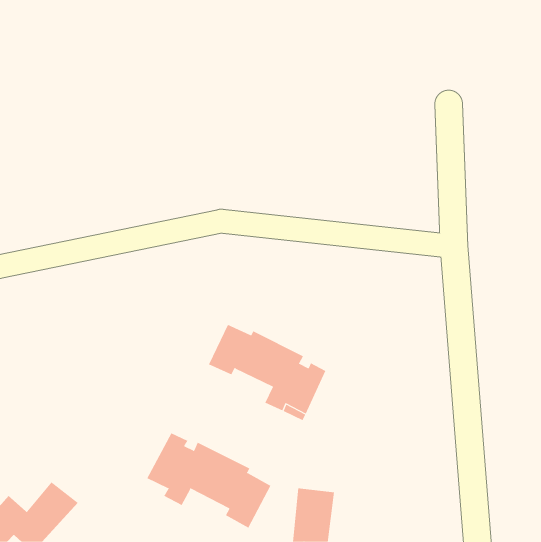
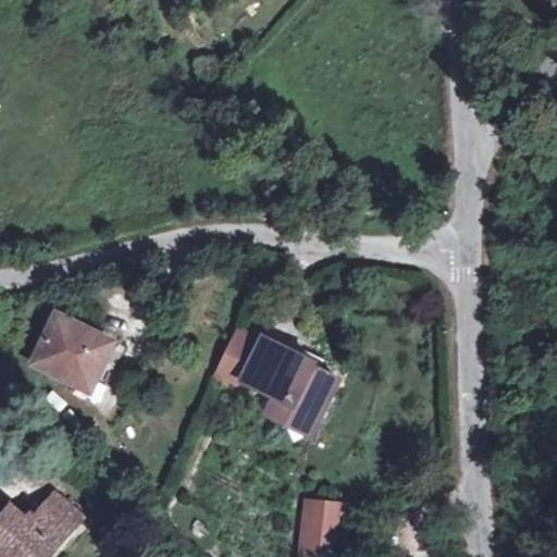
building: none -> [33,315,109,388]
building: [147,433,271,528] -> none

